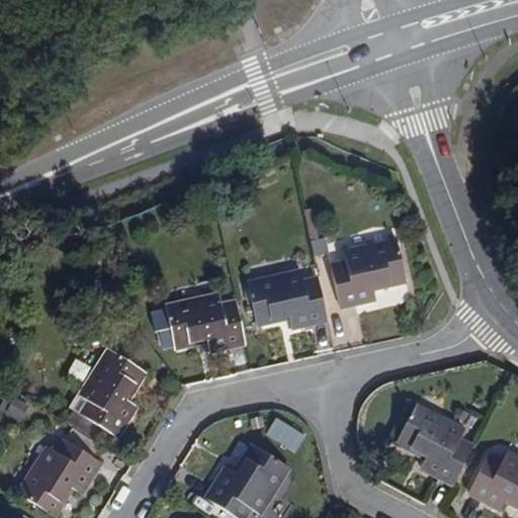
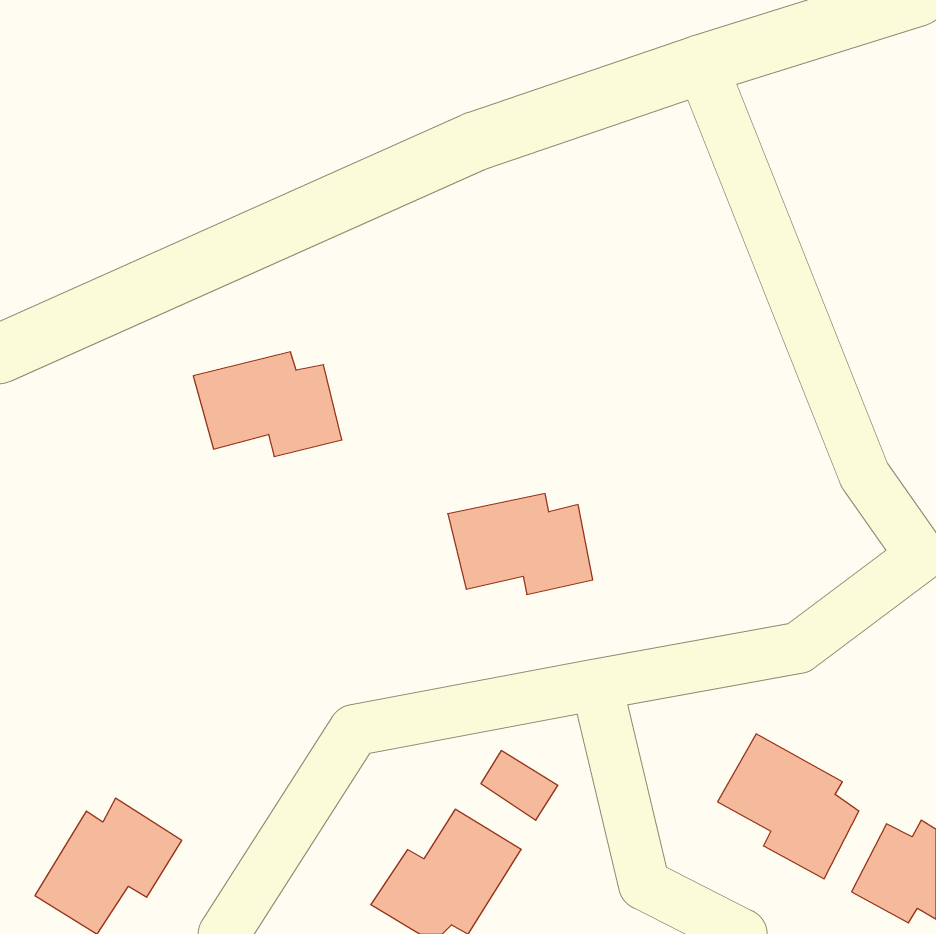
building: [331,240,406,307] -> none
building: [164,294,246,352] -> [193,352,342,457]
building: [72,351,145,444] -> none

